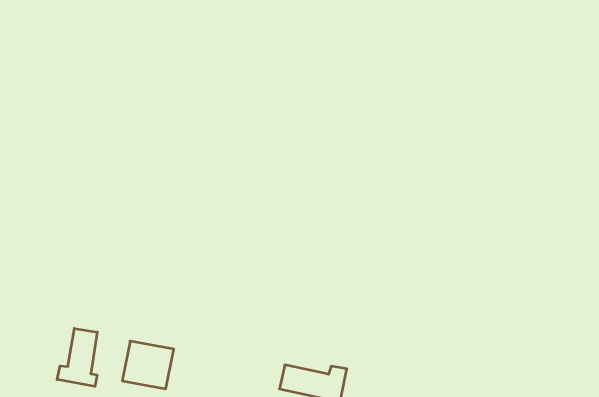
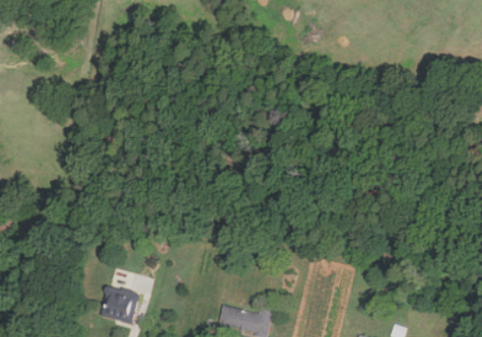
building: [57,328,97,386] -> none

